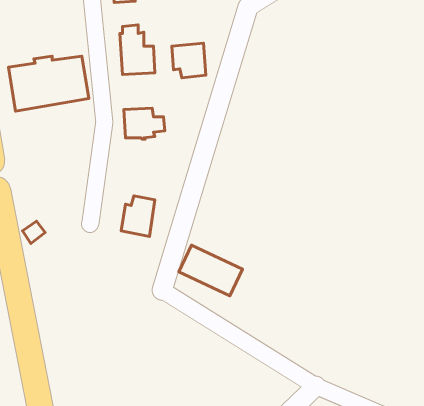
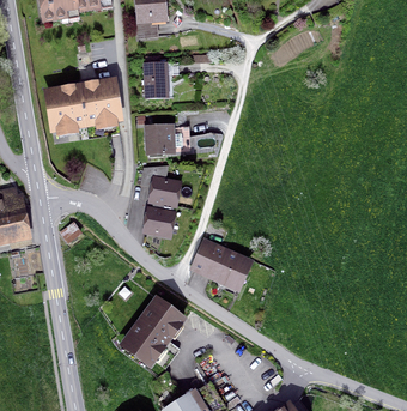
building: [172,43,206,78] -> none
building: none -> [140,164,178,204]
building: none -> [123,298,182,367]

